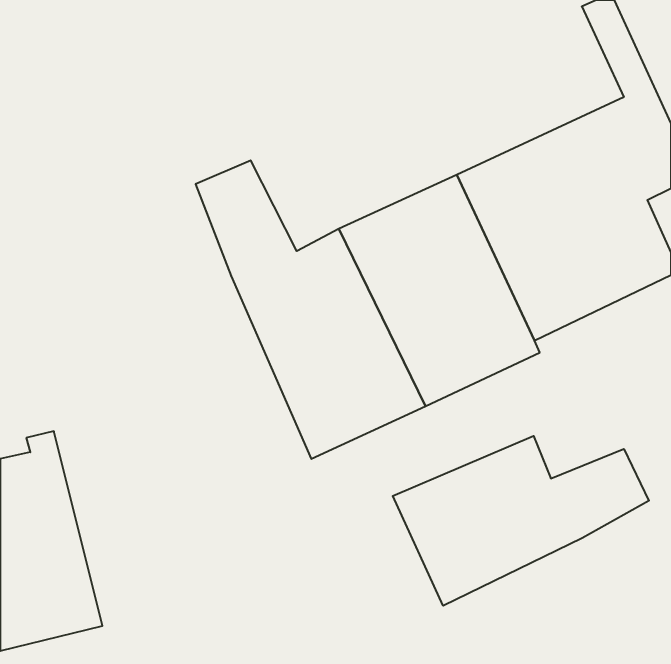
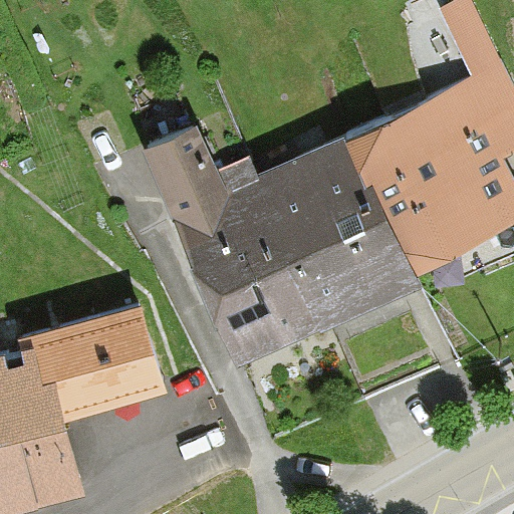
building: none -> [41,311,161,412]
building: [393,436,649,606] -> none

